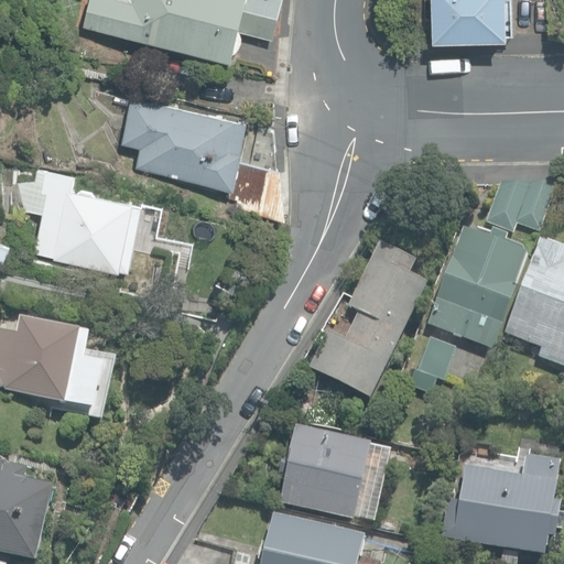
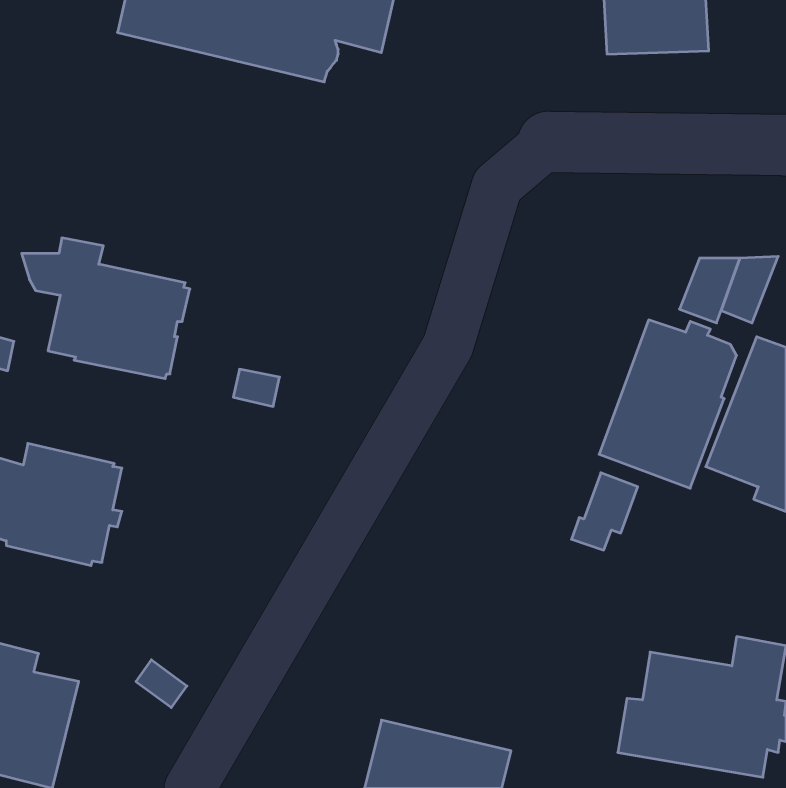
building: [121,95,282,215] -> none
building: [308,242,427,398] -> none
building: [278,424,370,519] -> none

